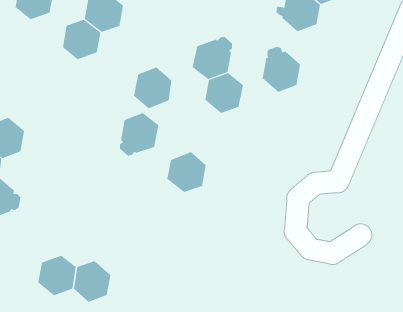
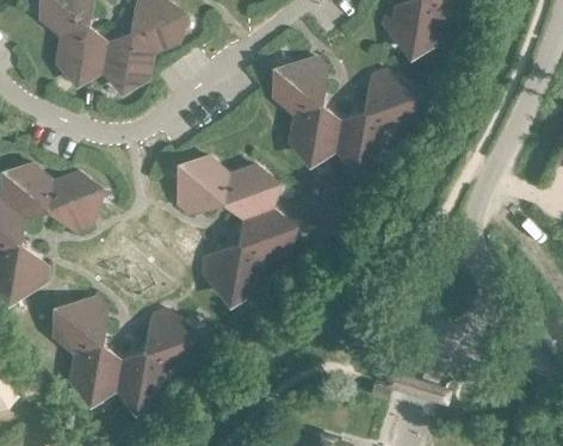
building: none -> [55,25,106,79]
building: [133,67,172,109] -> [223,163,274,218]
building: none -> [334,111,385,166]
building: none -> [48,171,98,231]
building: none -> [200,243,261,297]
building: none -> [52,296,106,353]
building: none -> [144,309,196,370]

